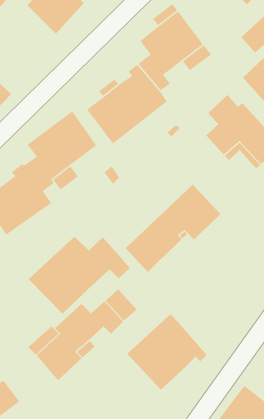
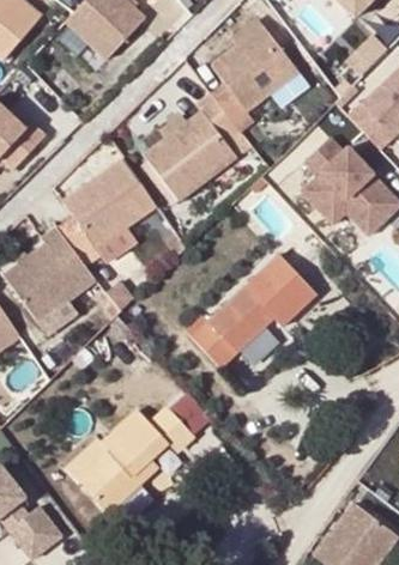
building: [28,236,130,315] -> none
building: [126,313,208,391] -> none

